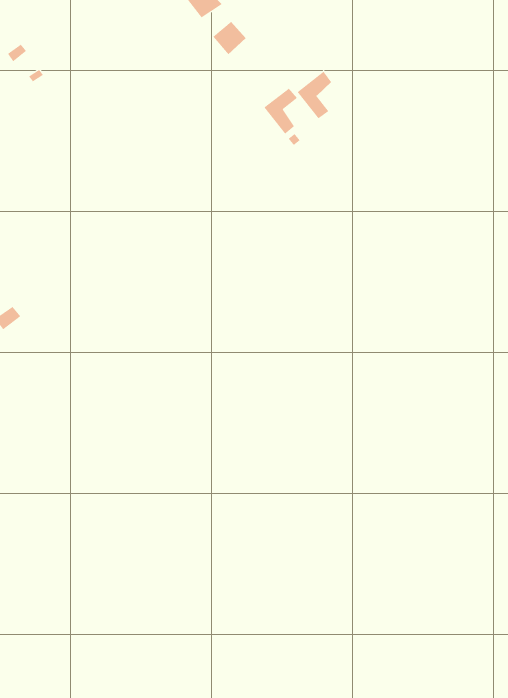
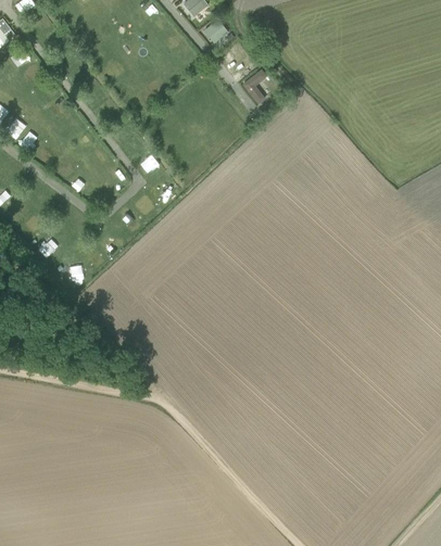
building: [297,71,332,119] -> none

